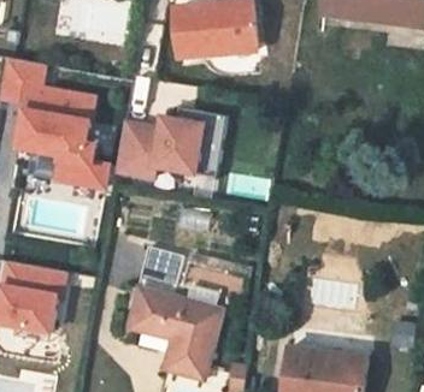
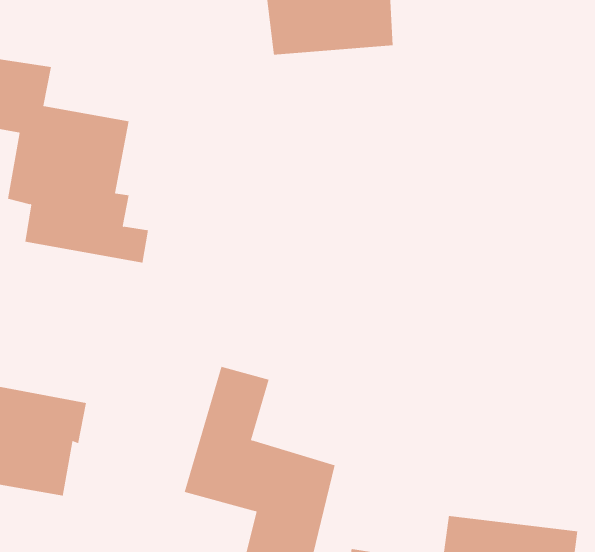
building: [116,106,228,176] -> none

